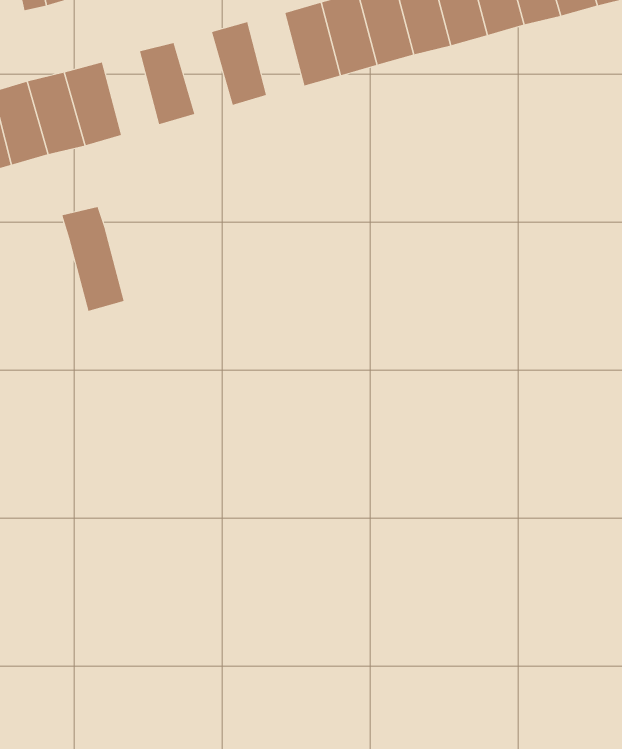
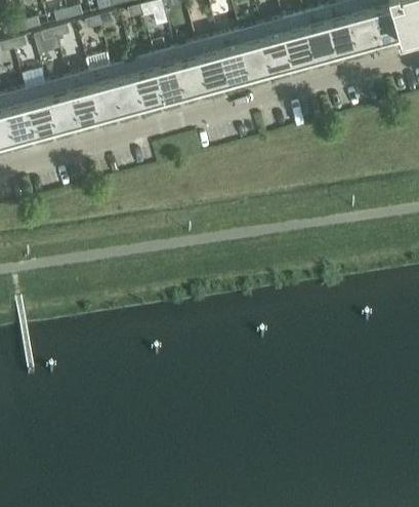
building: none -> [174,46,207,94]
building: none -> [131,57,165,106]
building: [62,206,125,312] -> [85,56,122,118]

